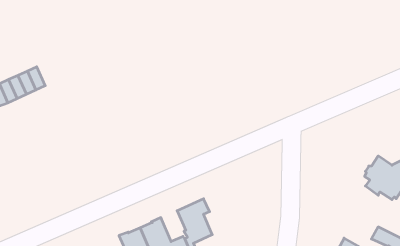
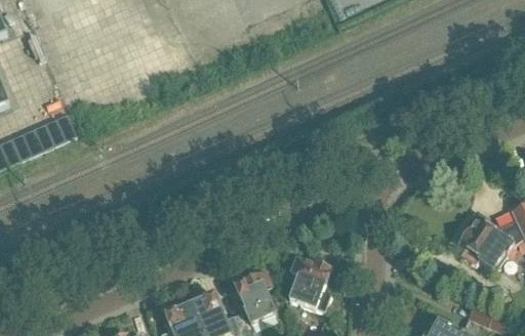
building: none -> [281,256,331,310]

